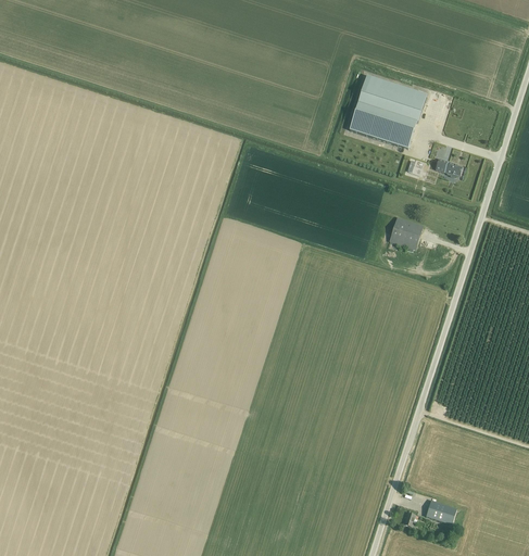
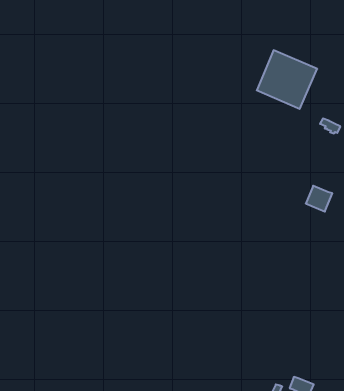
building: [389,216,423,249] -> [306,186,332,212]

